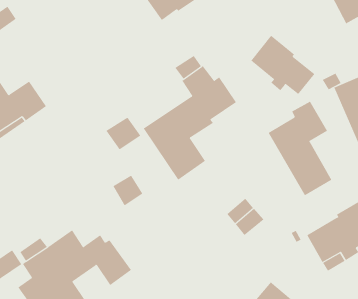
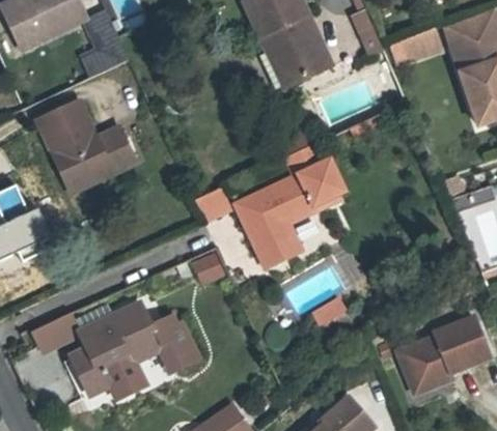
building: [250,35,315,95] -> none
building: [268,101,332,196] -> none

